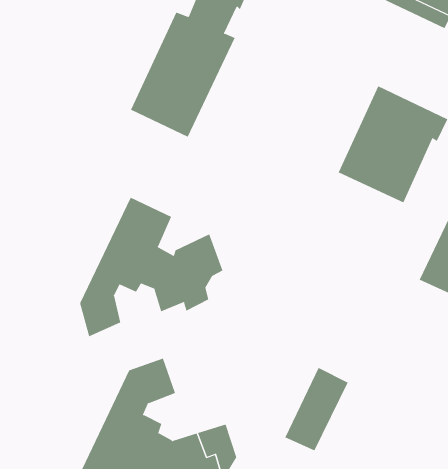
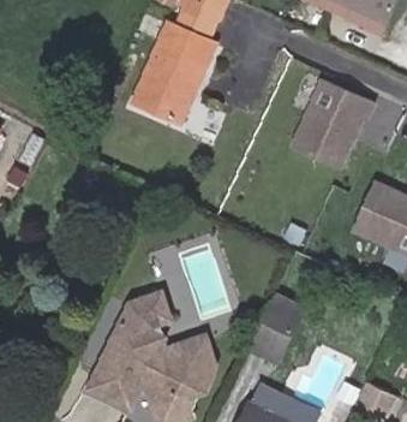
building: [80,197,223,337] -> none

